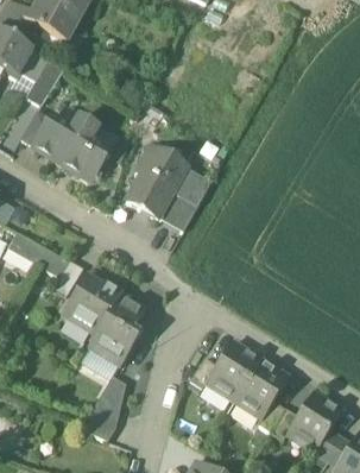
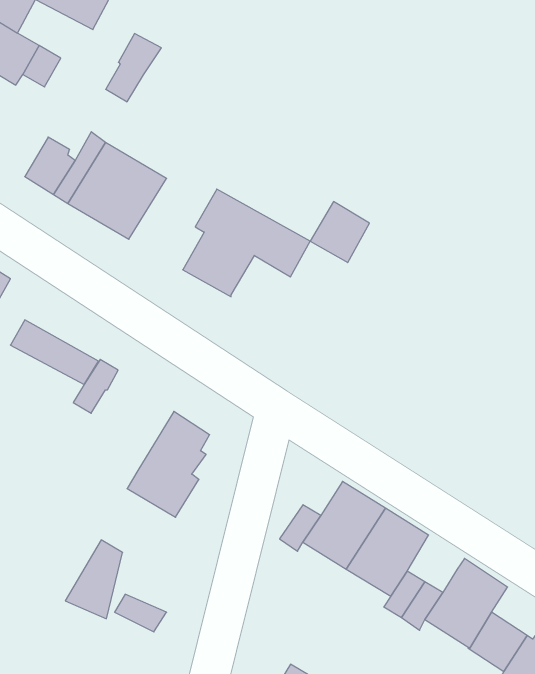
building: [25,59,62,105] -> [106,34,161,102]
building: [157,190,196,231] -> [310,202,369,263]
building: [61,275,120,333] -> none
building: [87,374,125,427] -> [65,540,123,619]

